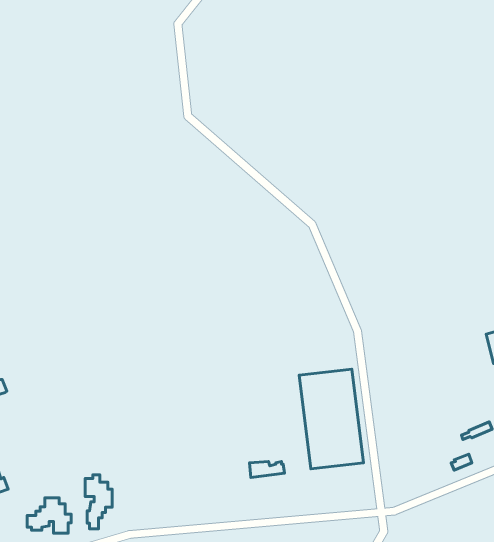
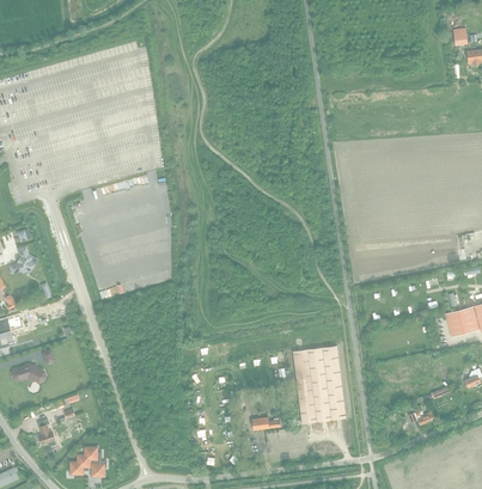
building: [85,475,112,529] -> none

